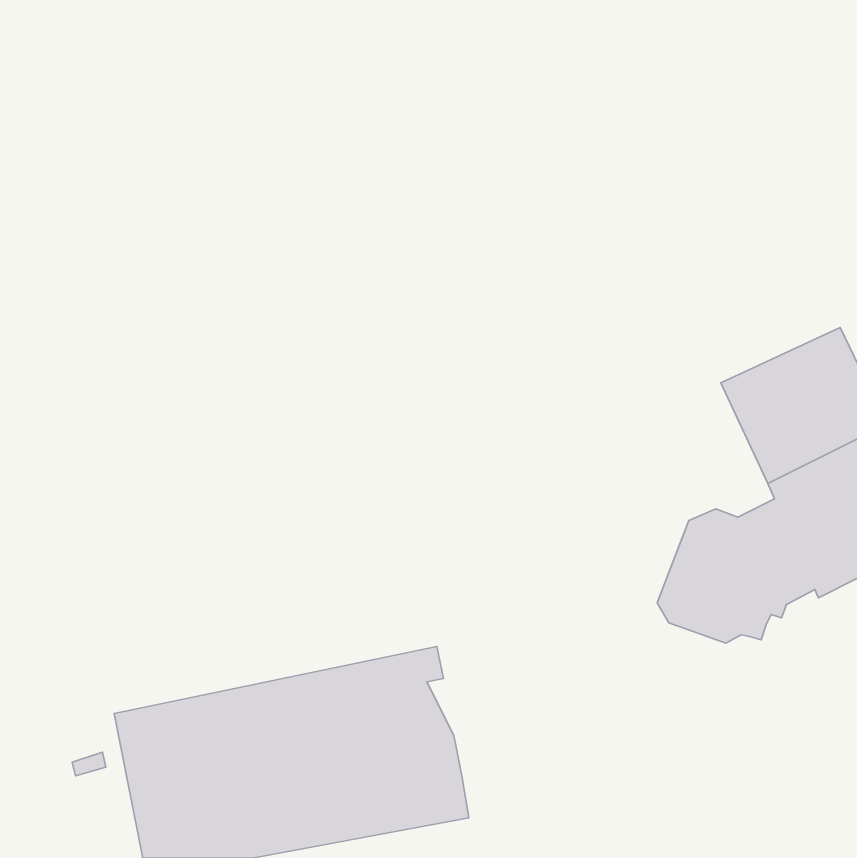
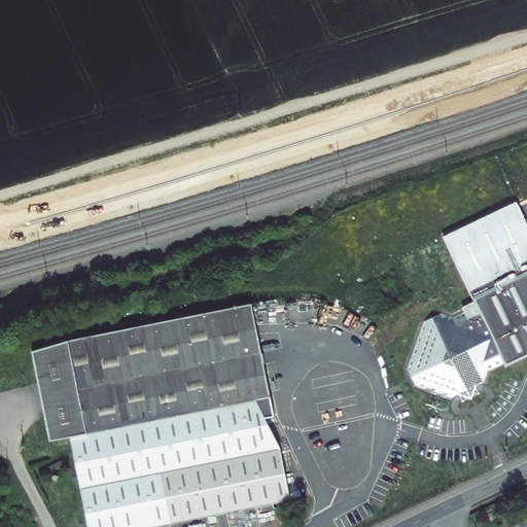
building: none -> [32,304,269,442]

